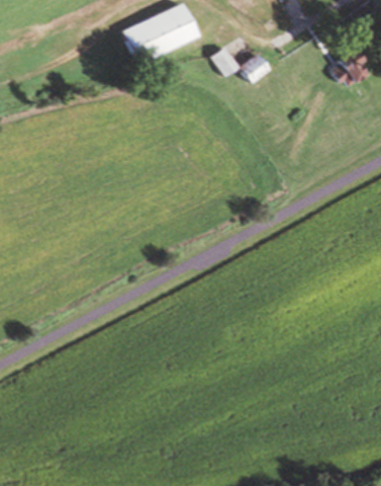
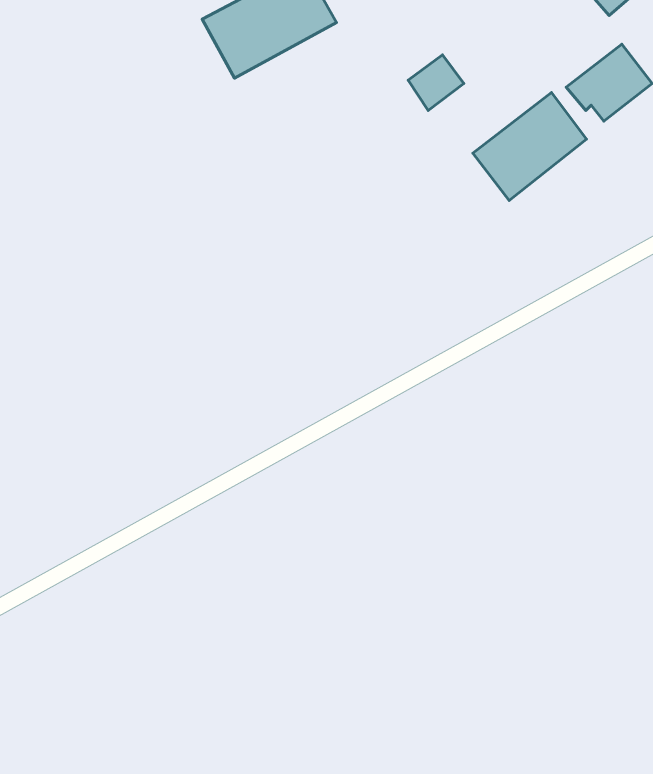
building: [210,47,236,75] -> none
building: none -> [473,92,586,201]

